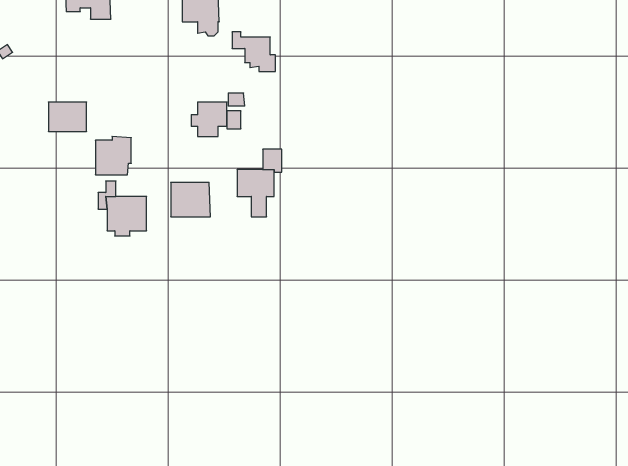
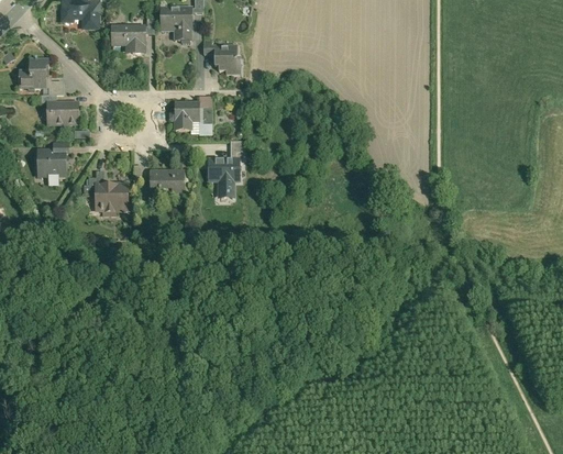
building: none -> [110,23,145,54]
building: none -> [19,57,62,95]
building: [95,136,131,175] -> [37,144,68,177]

